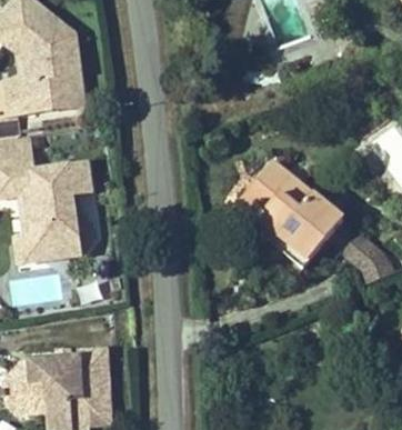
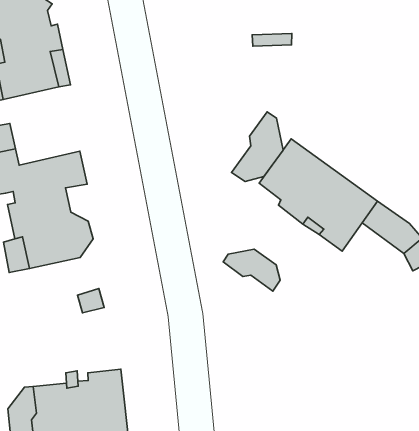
building: none -> [232,112,283,181]
building: none -> [223,249,280,291]

